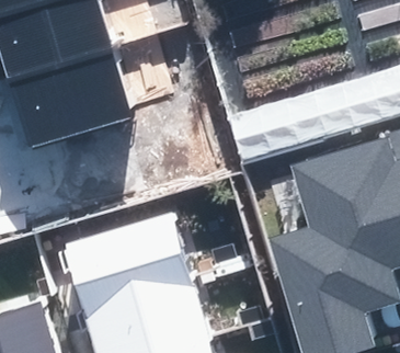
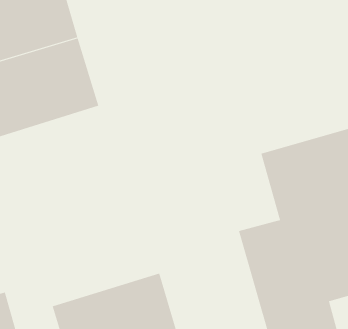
building: [64,213,193,316] -> none

